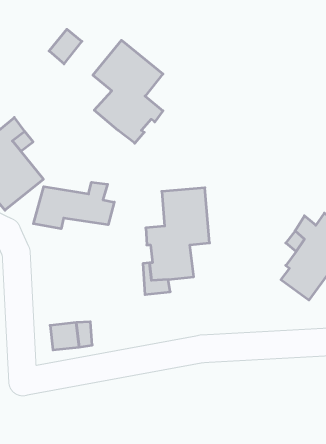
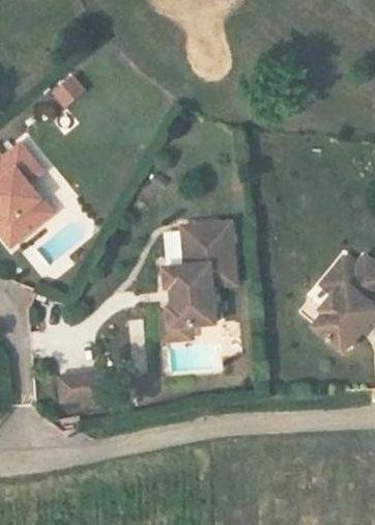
building: [93,40,163,143] -> none
building: [33,182,114,229] -> none

